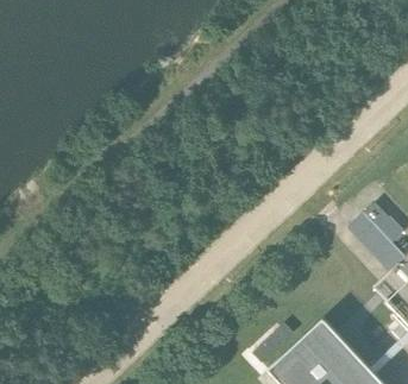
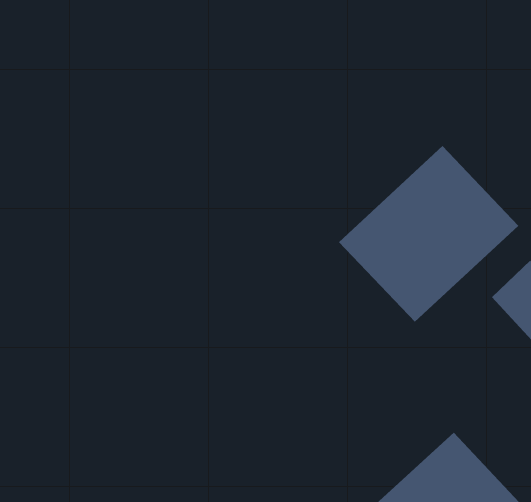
building: none -> [338,145,519,323]

